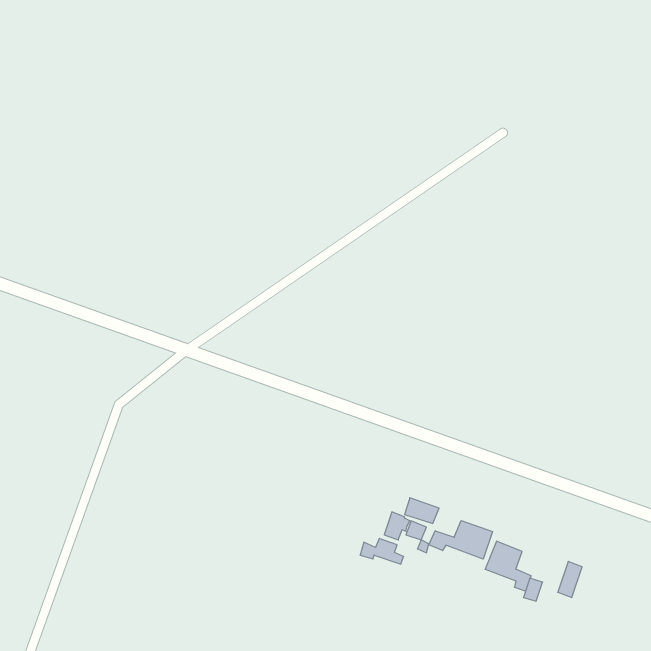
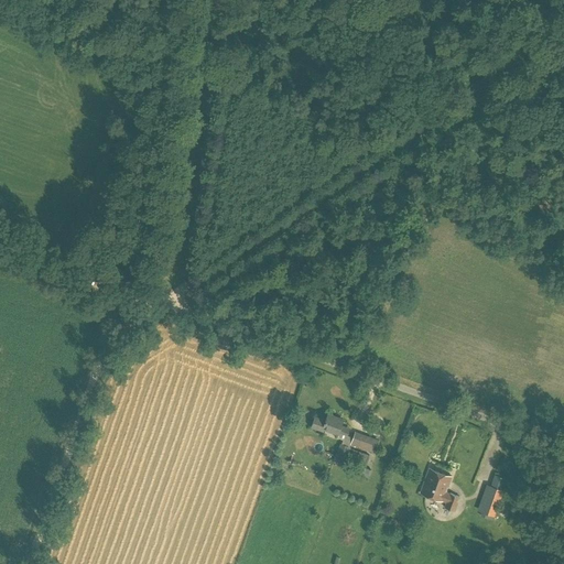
building: [429,521,493,559] -> none
building: [360,538,404,564] -> [311,412,348,434]

